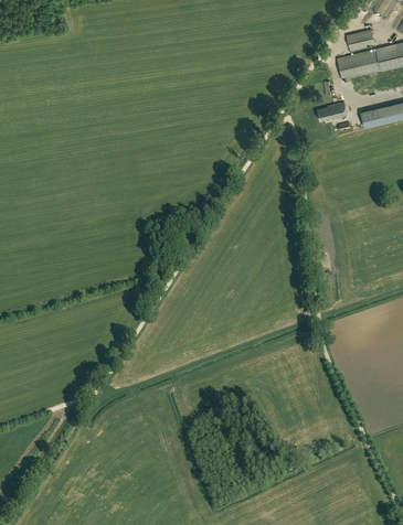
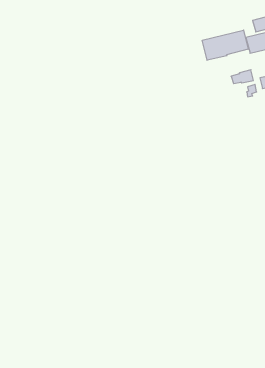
building: none -> [202,30,248,60]

